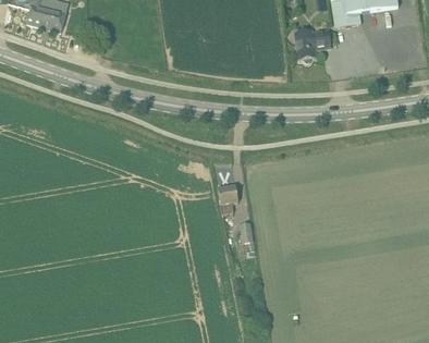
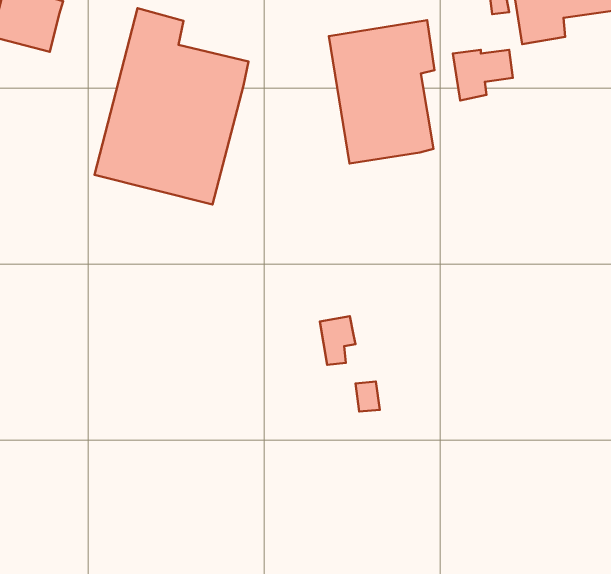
building: none -> [95,8,248,205]
building: none -> [329,20,435,163]

